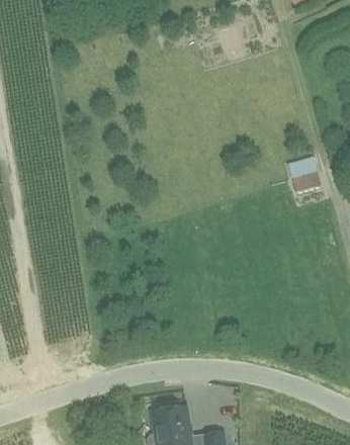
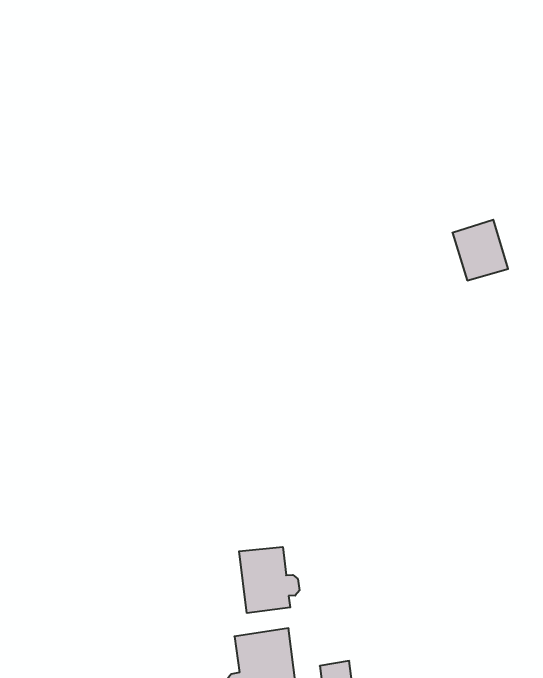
building: none -> [239,547,299,613]

